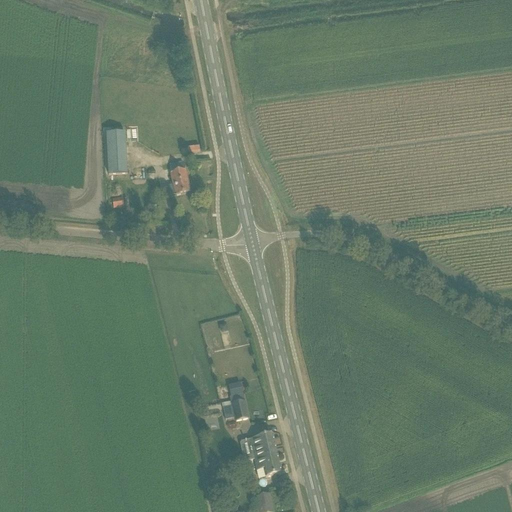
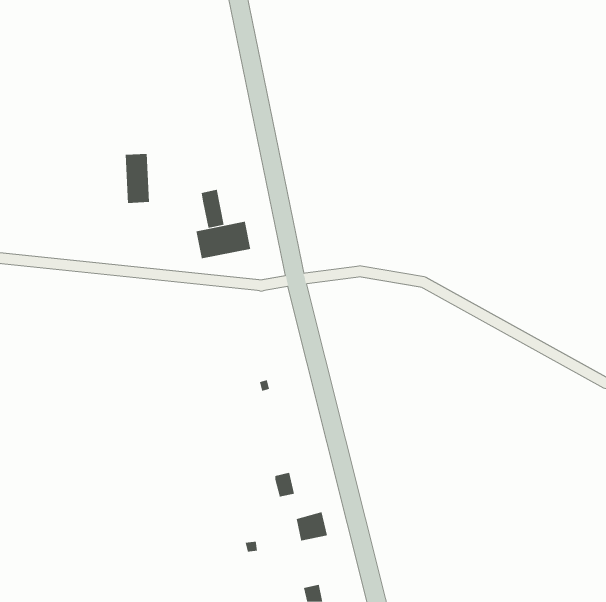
building: none -> [196,221,251,259]
building: [253,450,281,474] -> none

